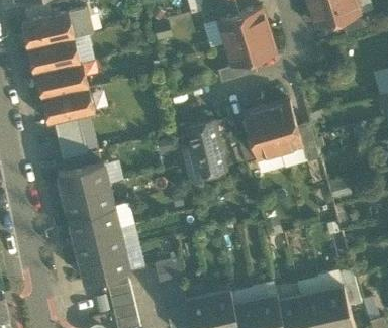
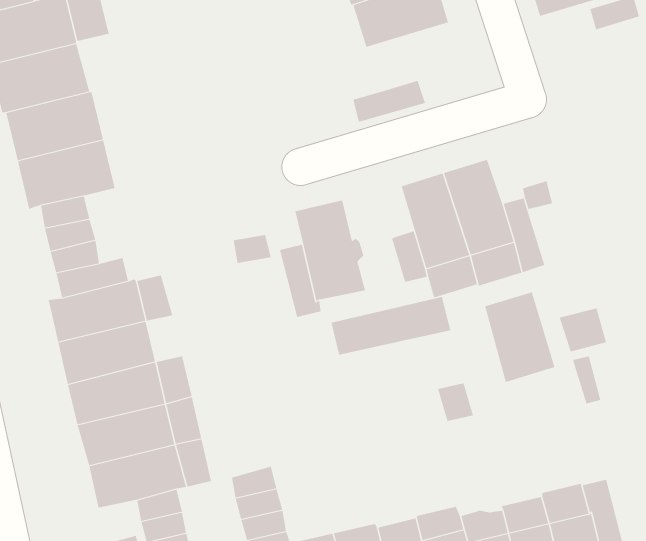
building: [225,28,276,65] -> none
building: none -> [485,291,555,383]
building: none -> [331,296,451,356]

